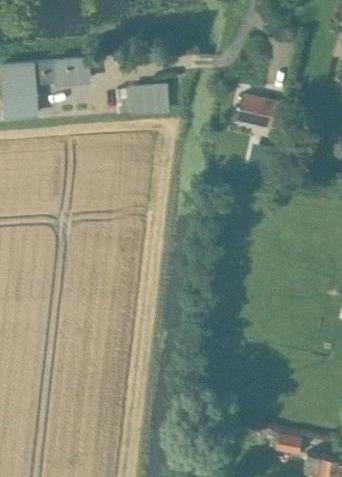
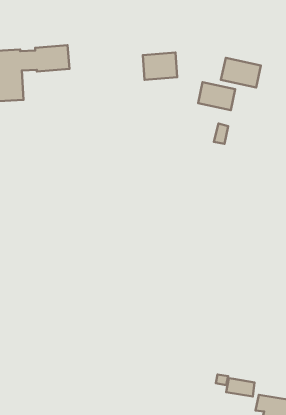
building: none -> [221,58,261,88]
building: [130,83,169,114] -> [143,52,177,80]

